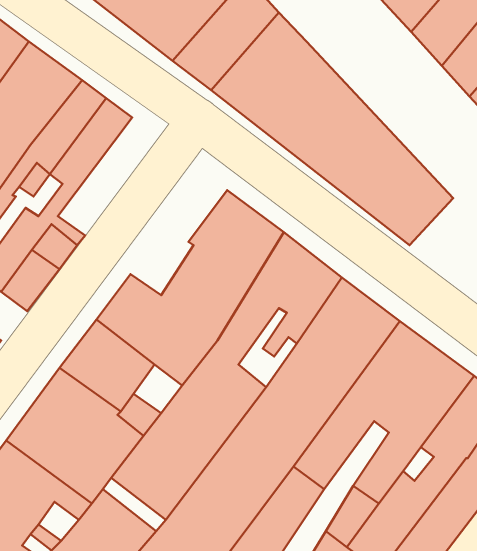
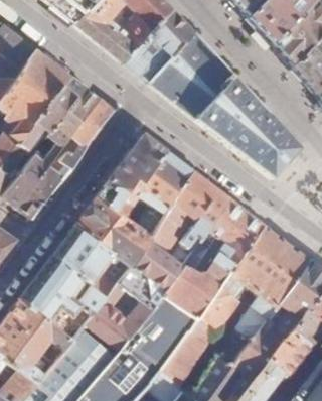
building: none -> [54,99,116,172]
building: none -> [100,134,160,210]

